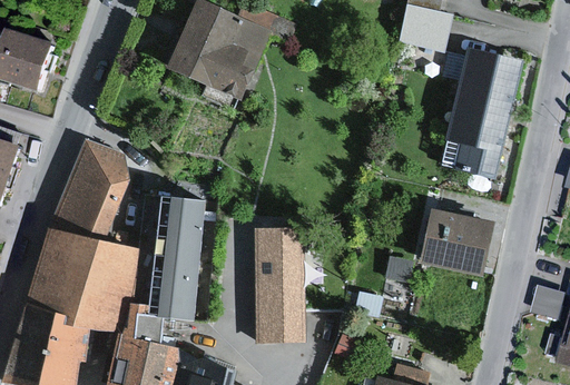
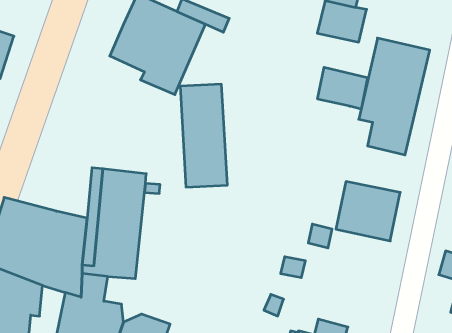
building: none -> [318,67,368,109]
building: [48,138,128,241] -> none
building: [253,226,306,342] -> [180,84,227,187]

